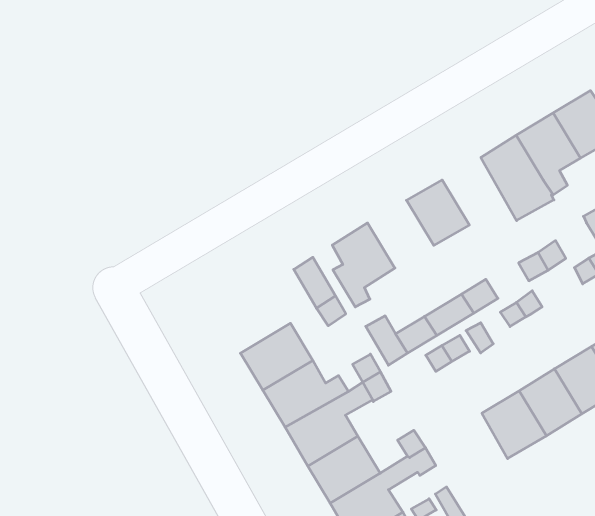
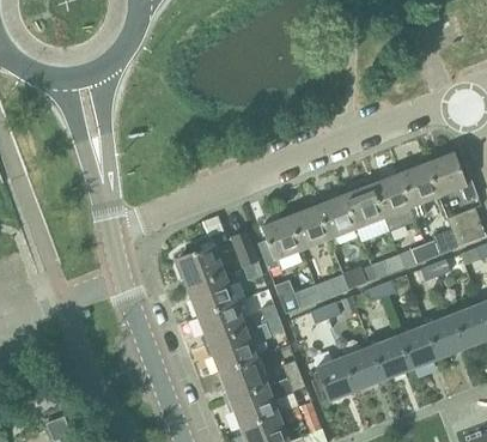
building: none -> [342,184,383,229]
building: none -> [287,205,329,249]
building: none -> [176,246,224,289]
building: none -> [313,357,354,401]

